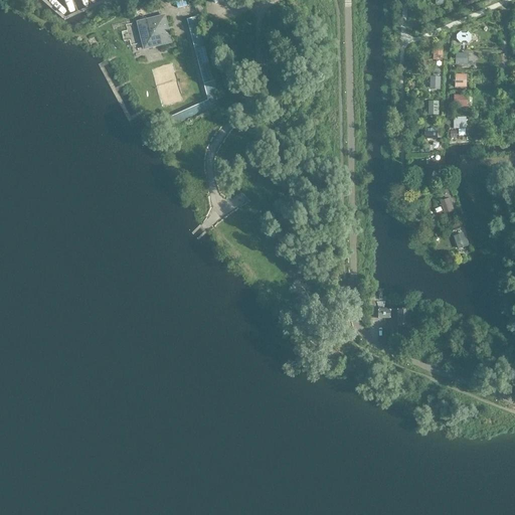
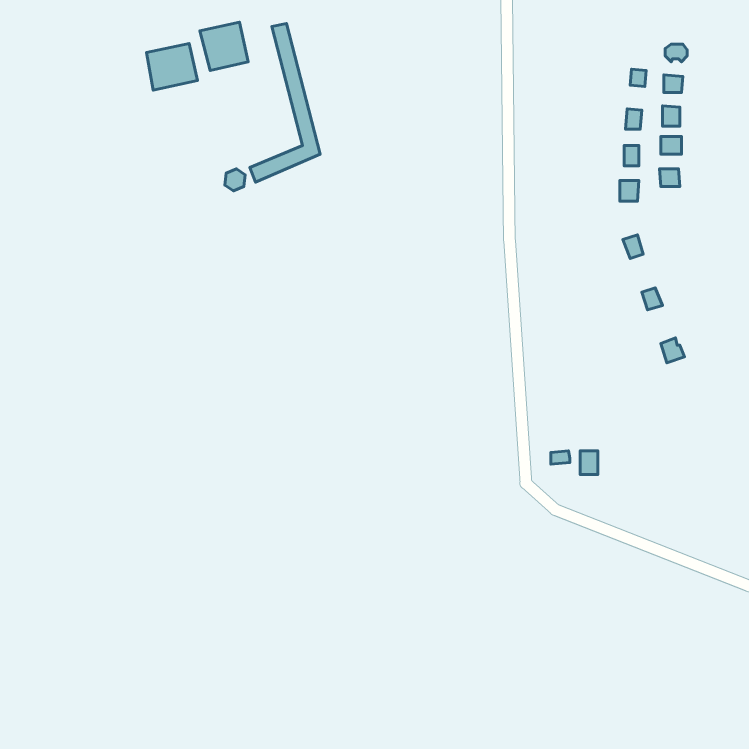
building: none -> [146,43,197,90]

